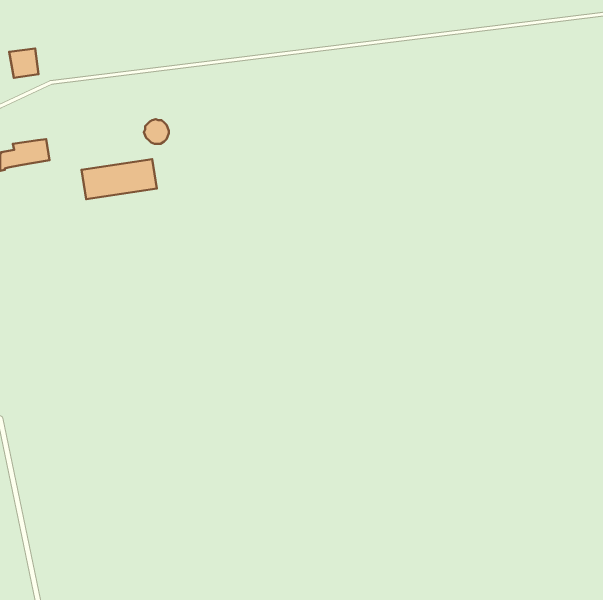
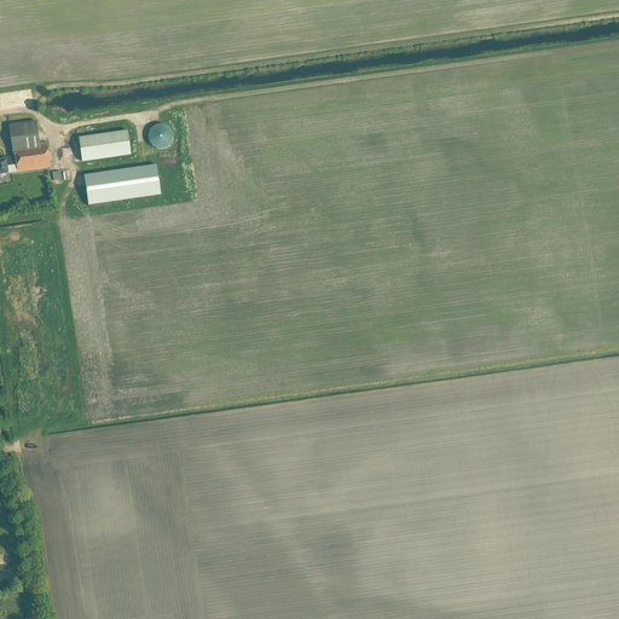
building: [9,48,39,78] -> [8,117,39,147]
building: none -> [77,129,131,161]

